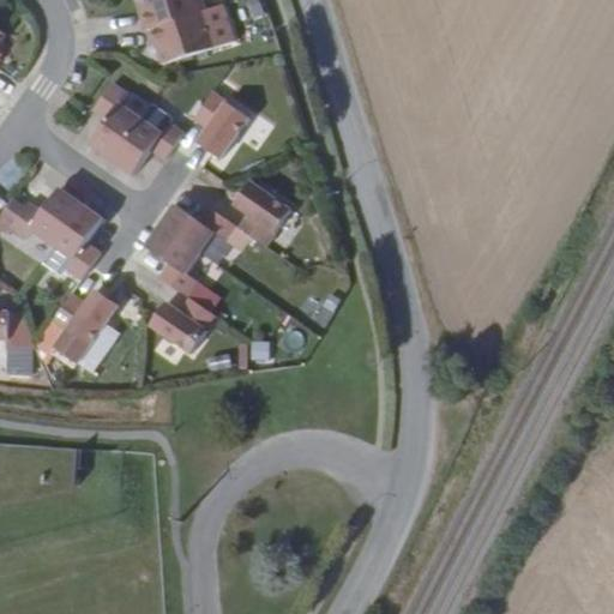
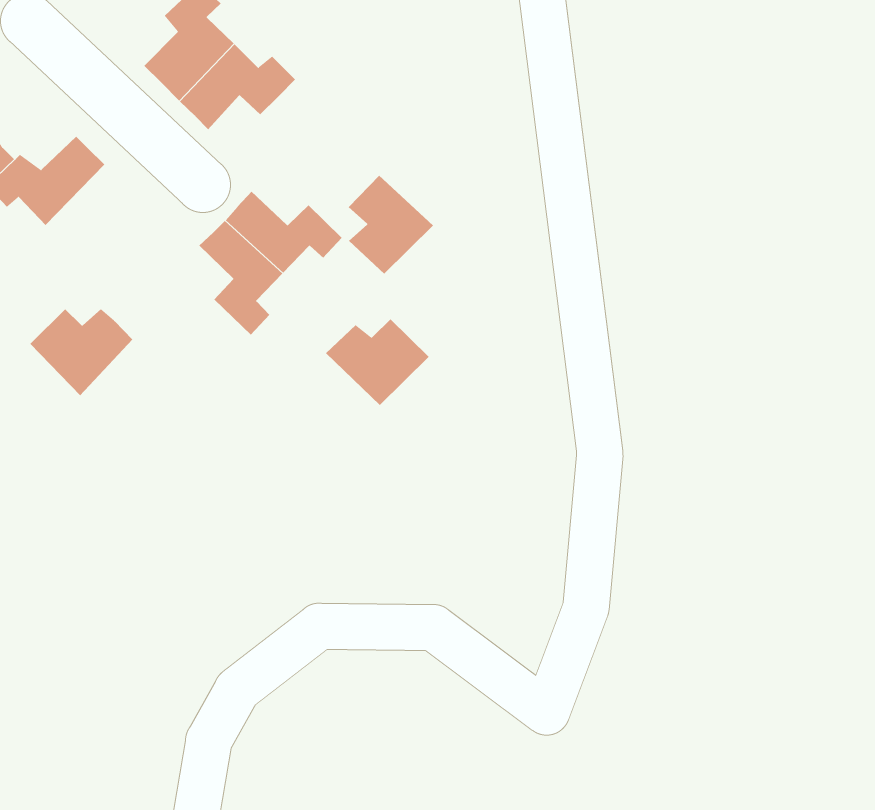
building: [197,90,252,155] -> none
building: [50,204,102,282] -> none
building: [152,294,216,348] -> [325,318,430,406]

